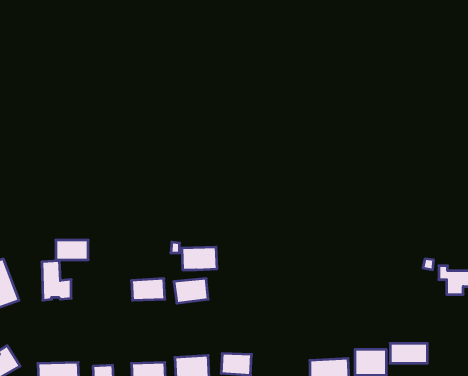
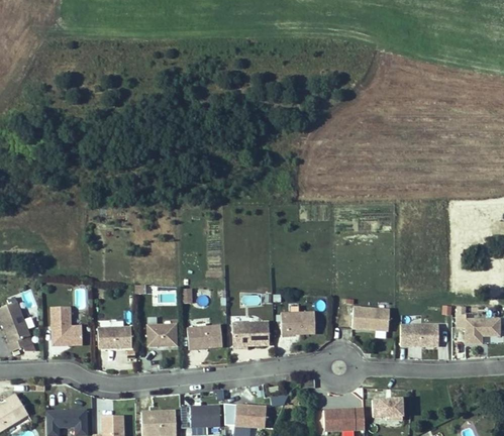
building: [56,240,88,260] -> [97,327,130,347]
building: [182,247,217,270] -> [232,321,269,344]
building: none -> [351,305,389,328]
building: none -> [281,310,315,333]
building: [390,343,427,363] -> [400,323,438,343]

